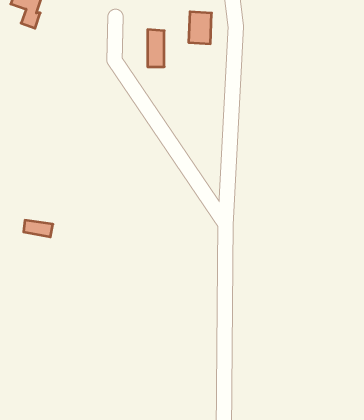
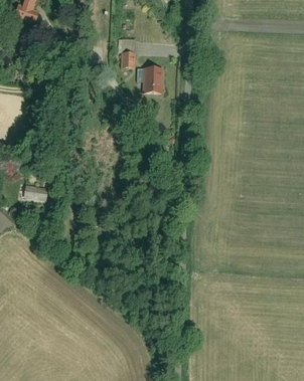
building: [189,12,212,44] -> [144,67,162,92]

